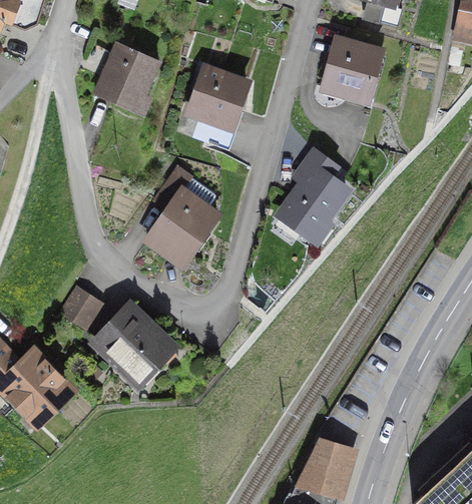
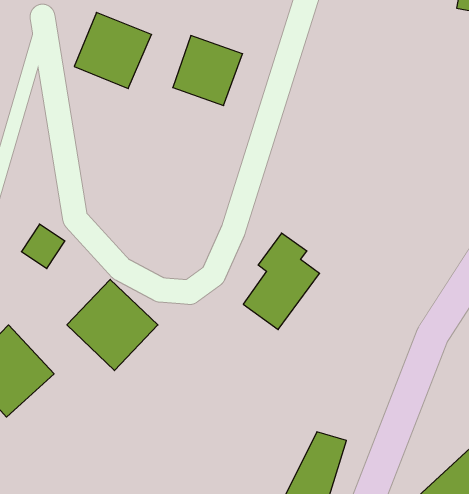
building: [324,37,383,99] -> none
building: [278,146,350,237] -> [243,233,320,330]
building: [139,182,216,264] -> none
building: [62,289,103,331] -> [21,224,65,269]

